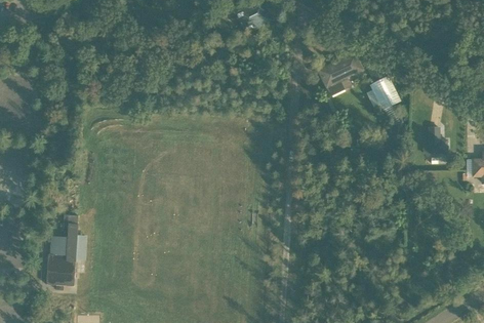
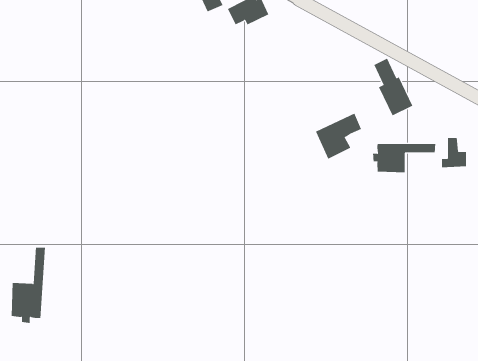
building: [319,53,360,94] -> [315,113,362,160]
building: none -> [373,143,436,173]

